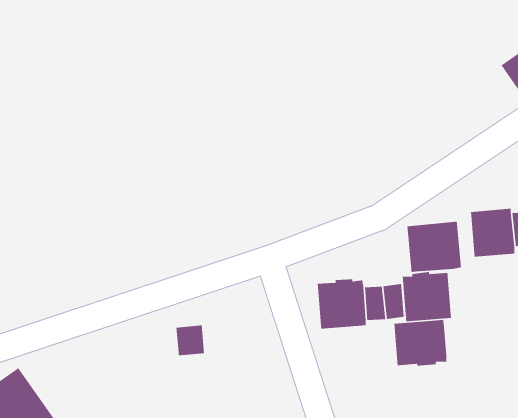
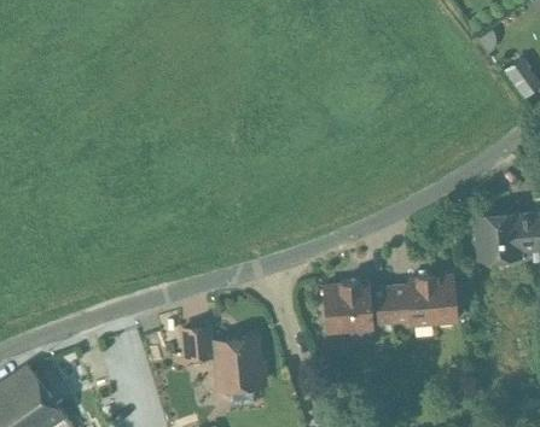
building: [407,221,462,273] -> none
building: [393,319,447,367] -> none
building: none -> [215,339,263,410]

